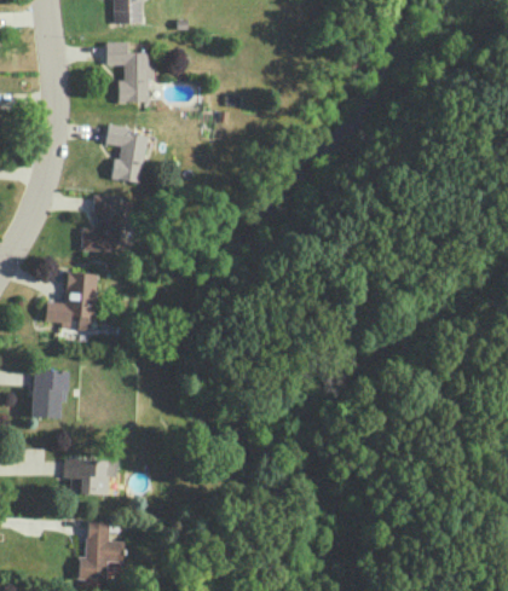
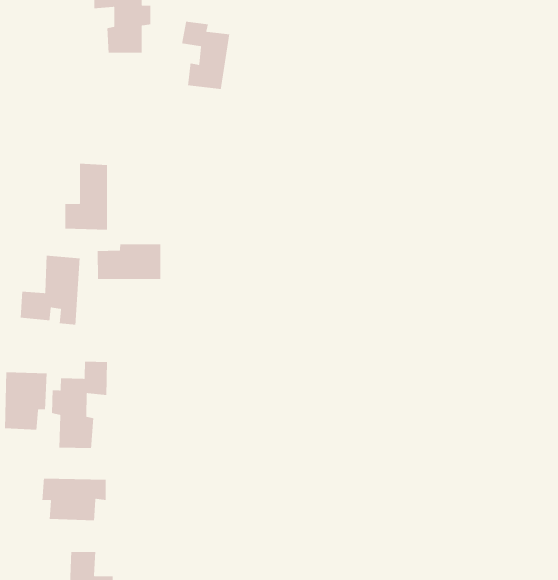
building: [105,124,146,182] -> [181,21,230,90]
building: none -> [97,243,161,280]
building: none -> [51,361,108,449]

